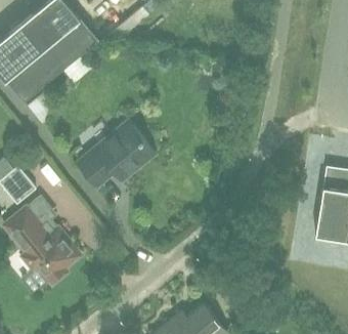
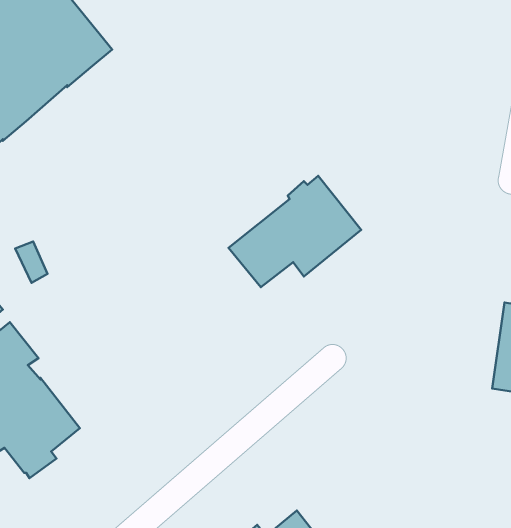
building: [78,124,154,187] -> [229,176,361,287]

